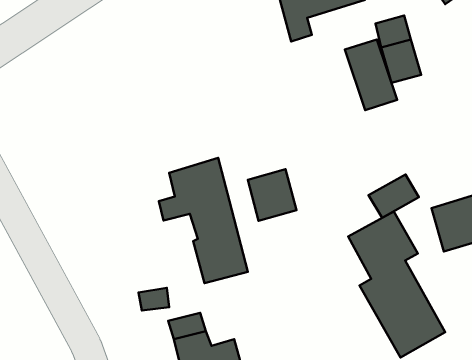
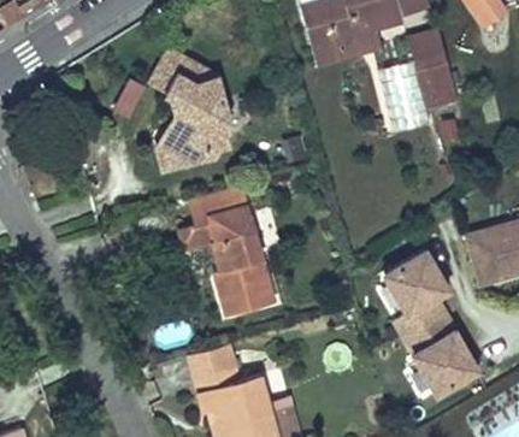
building: none -> [152,53,229,170]
building: [248,169,296,221] -> none
building: [369,174,419,218] -> none

